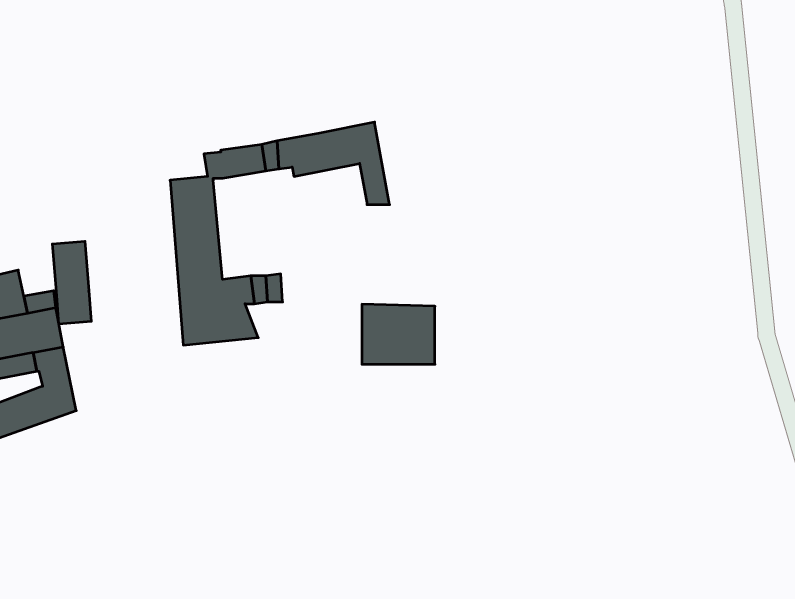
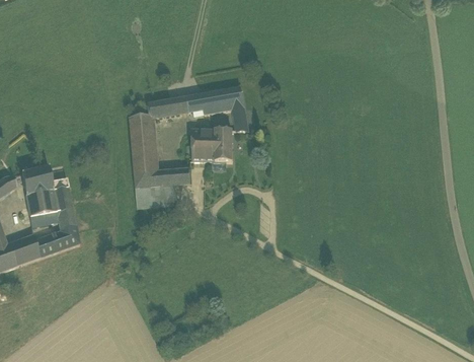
building: [52,241,91,324] -> none
building: [362,304,435,364] -> [192,131,232,163]

